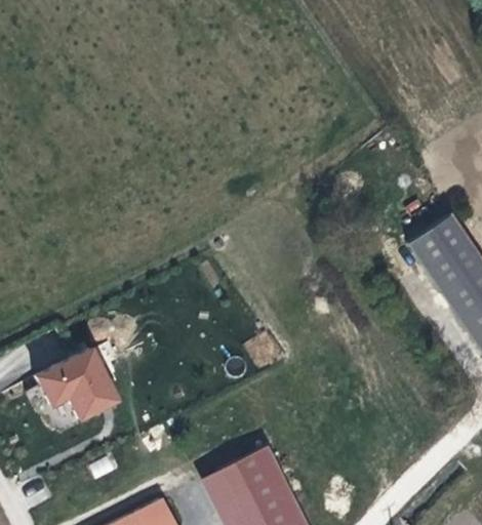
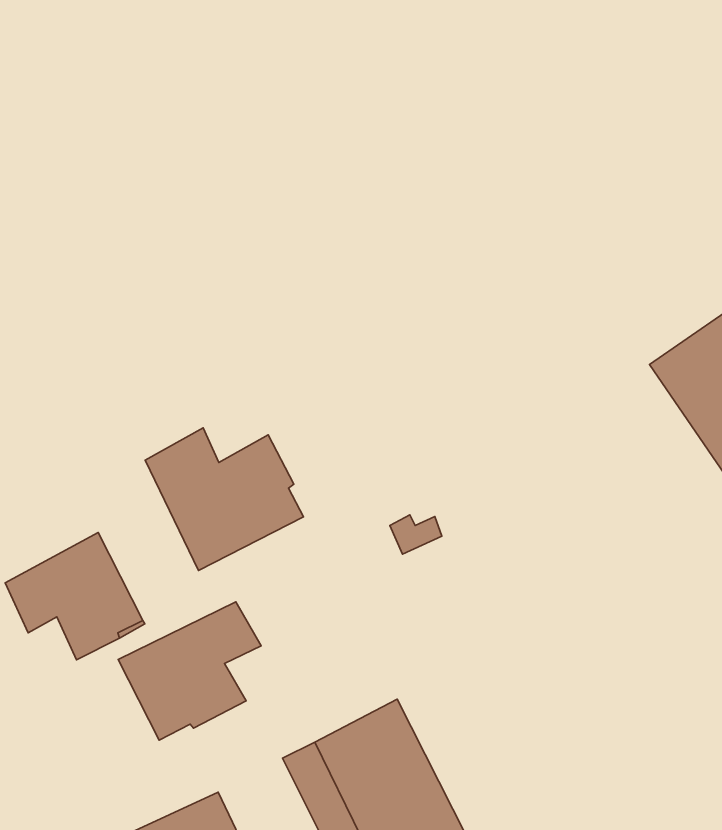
building: none -> [145,428,303,570]
building: none -> [118,602,261,740]

